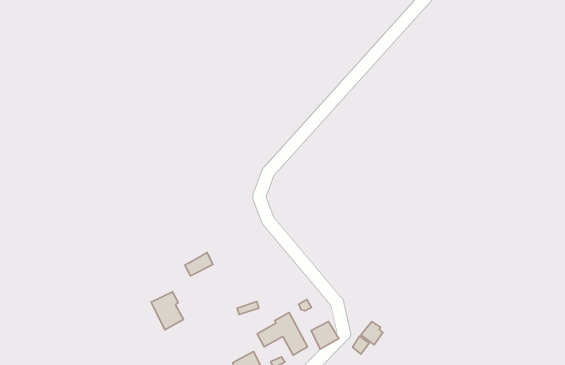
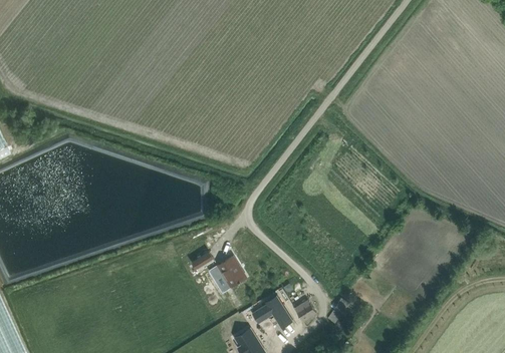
building: [151,292,184,330] -> [217,258,243,288]

